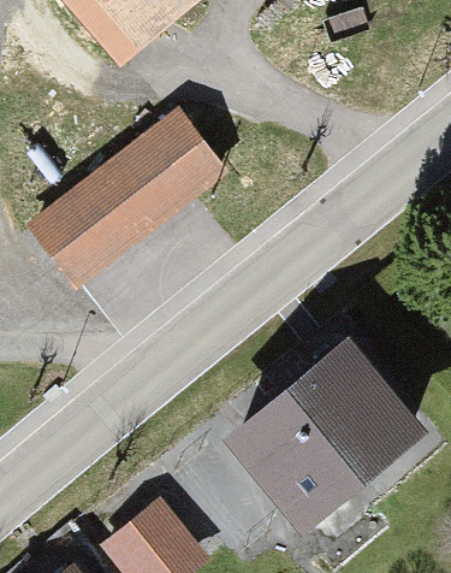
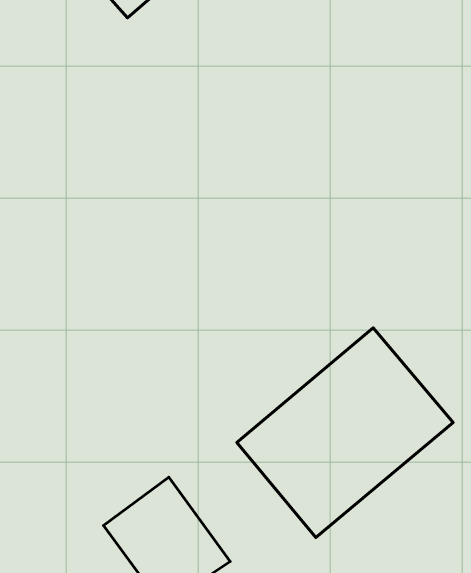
building: [25,114,215,289] -> none

